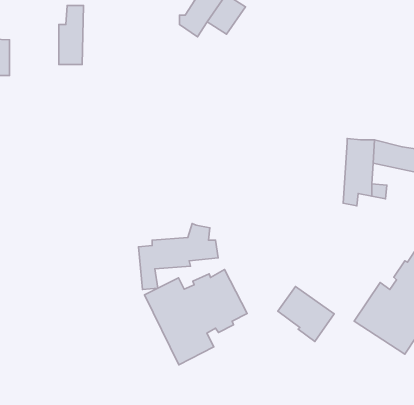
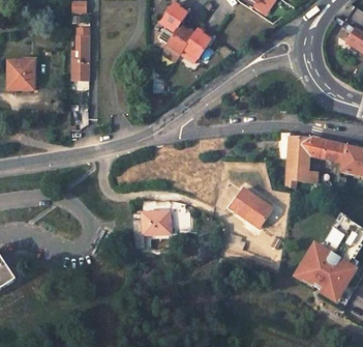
building: [145,270,247,365] -> none
building: [278,286,334,341] -> [229,187,271,229]

